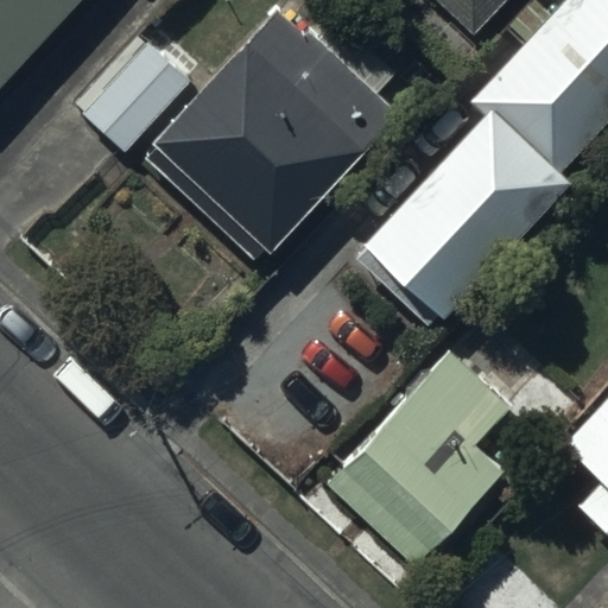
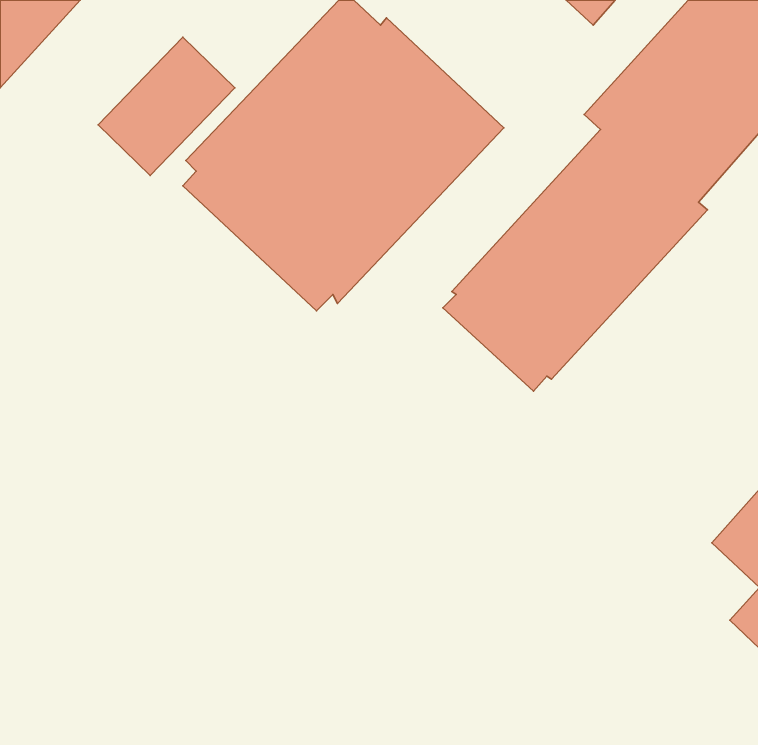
building: [331,359,509,568] -> none

